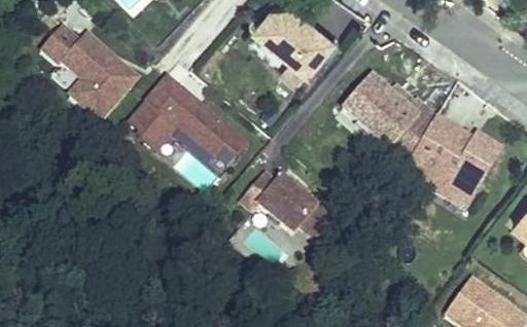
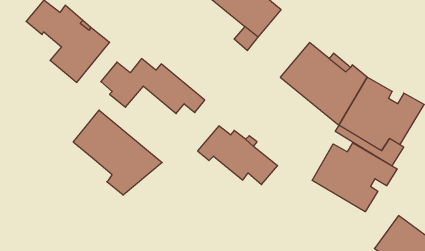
building: [146,73,198,109] -> none
building: none -> [73,110,162,195]
building: none -> [312,143,397,212]

